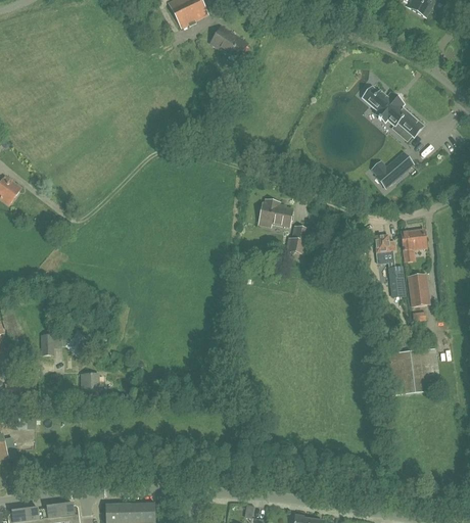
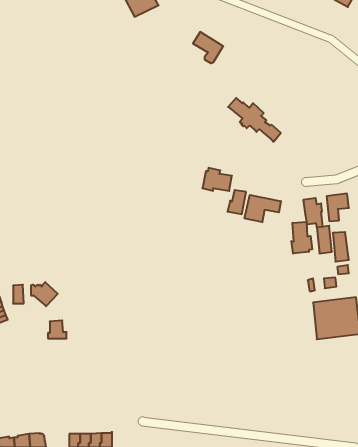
building: [213,27,247,62] -> [193,32,223,63]
building: [363,86,423,136] -> [228,98,281,142]
building: [376,151,413,187] -> none
building: none -> [245,195,281,222]
building: none -> [291,222,312,254]

